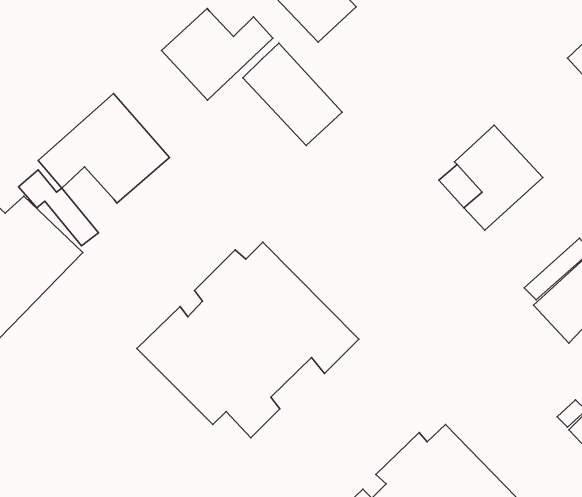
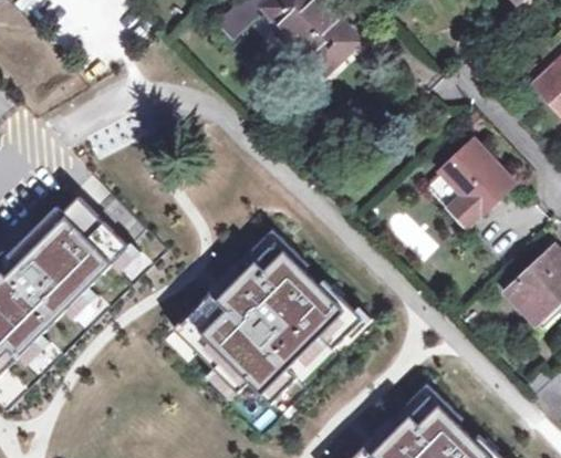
building: [161,8,273,100] -> none
building: [243,43,342,146] -> none
building: [38,94,169,203] -> none

